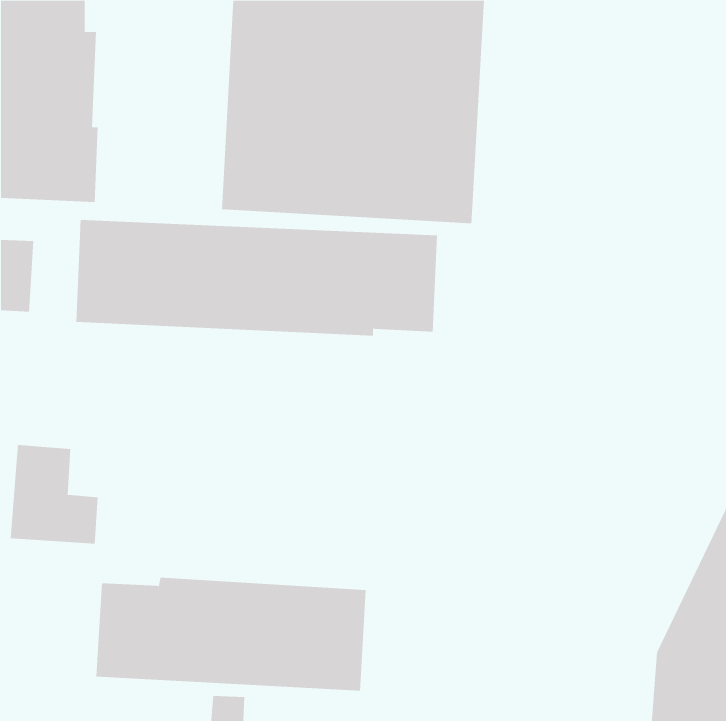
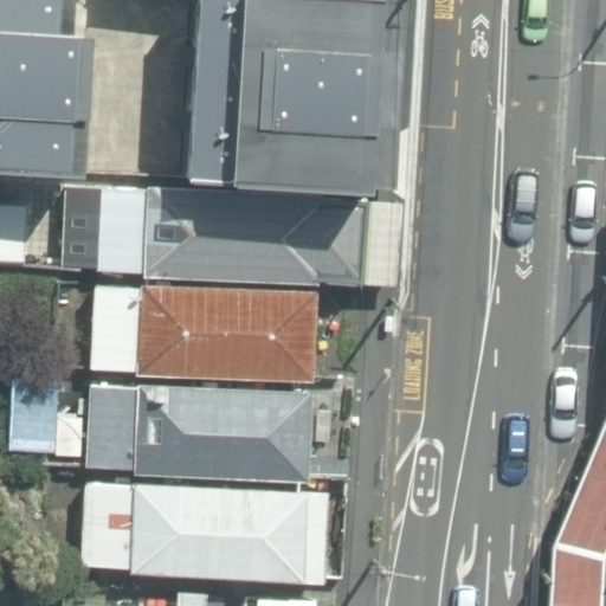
building: none -> [94,288,317,381]
building: none -> [88,376,314,477]

